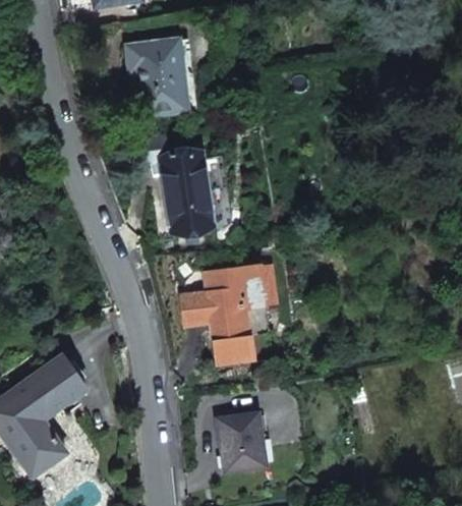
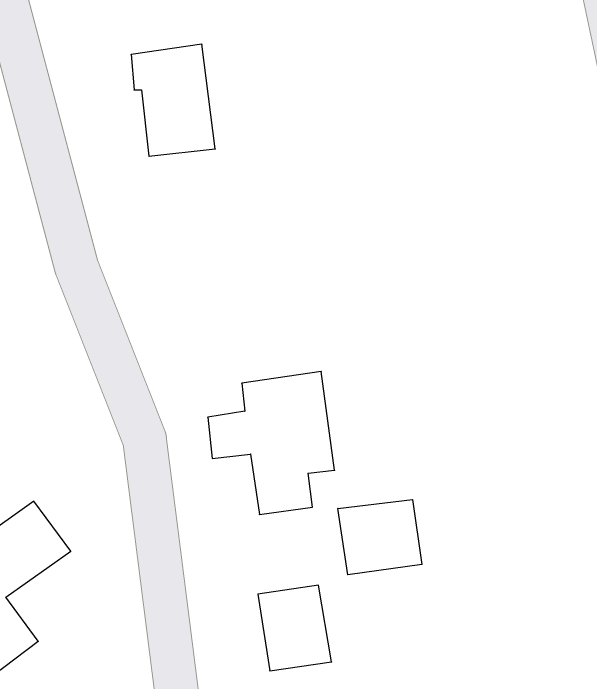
building: [133,132,215,232] -> none
building: none -> [338,500,422,575]

